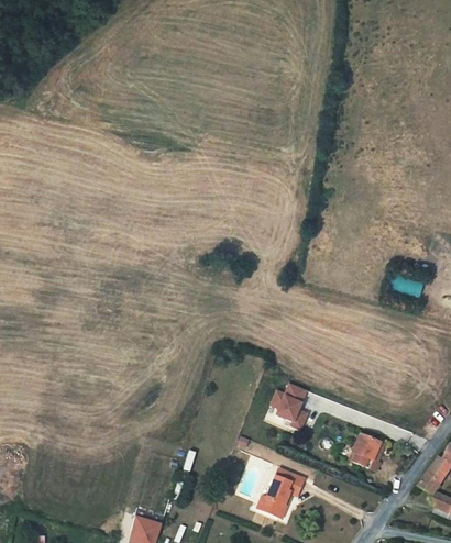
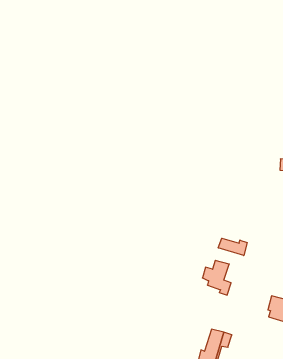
building: none -> [218,238,247,256]

